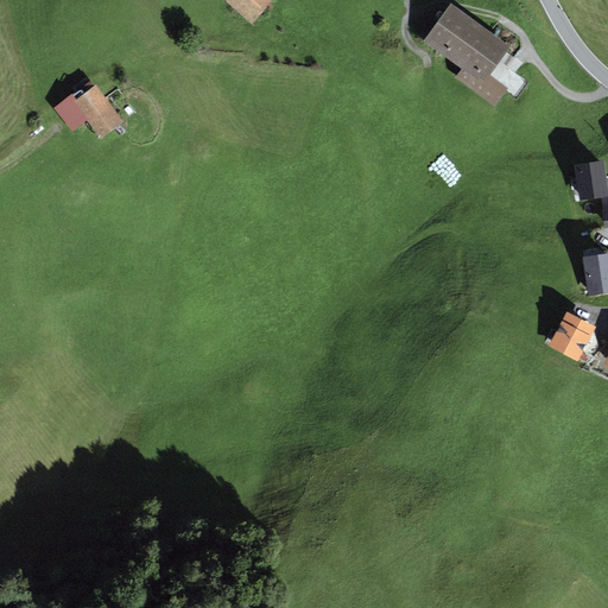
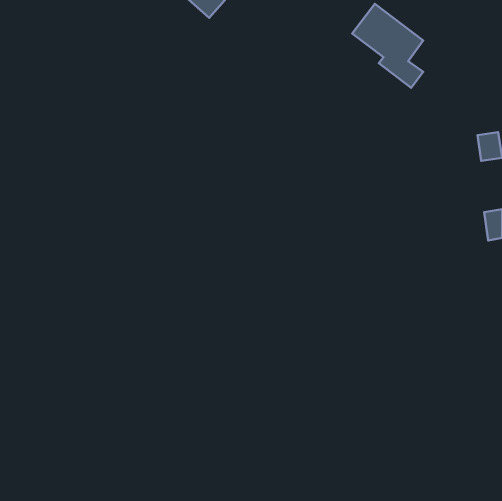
building: [53,83,122,138] -> none
building: [551,312,590,353] -> none

